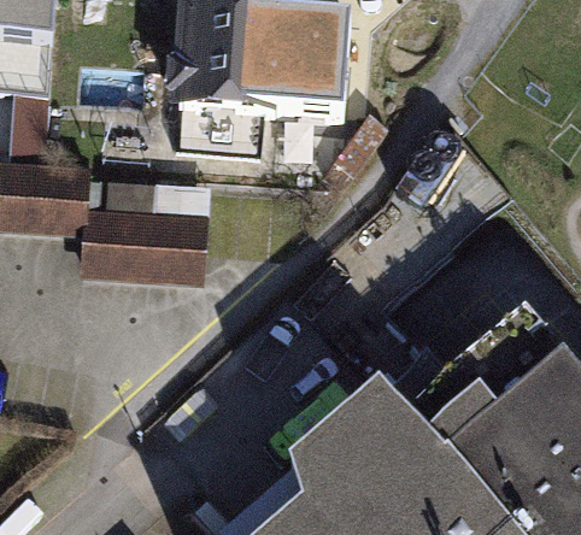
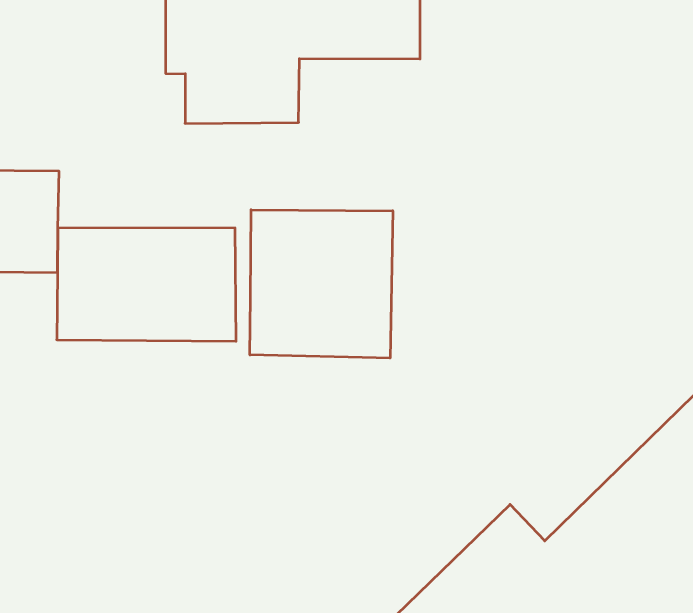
building: none -> [250,210,393,358]

